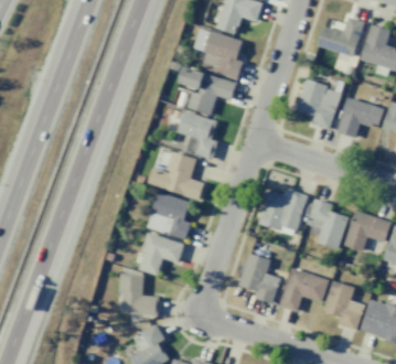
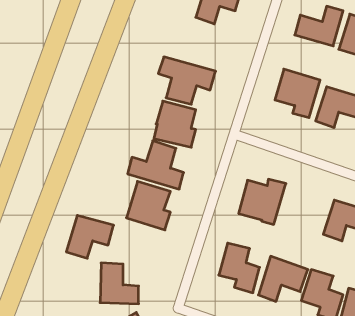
building: [194,29,243,78] -> none
building: [307,200,346,248] -> none
building: [137,233,184,276] -> [66,215,114,258]

